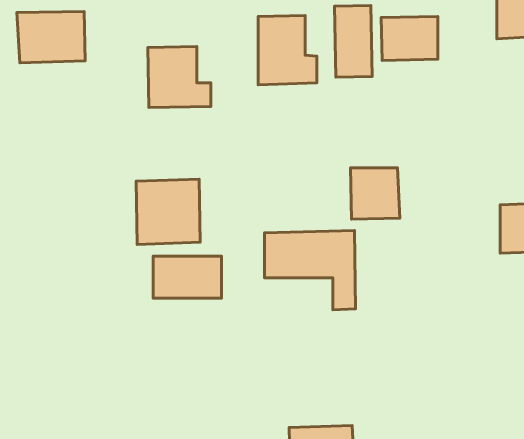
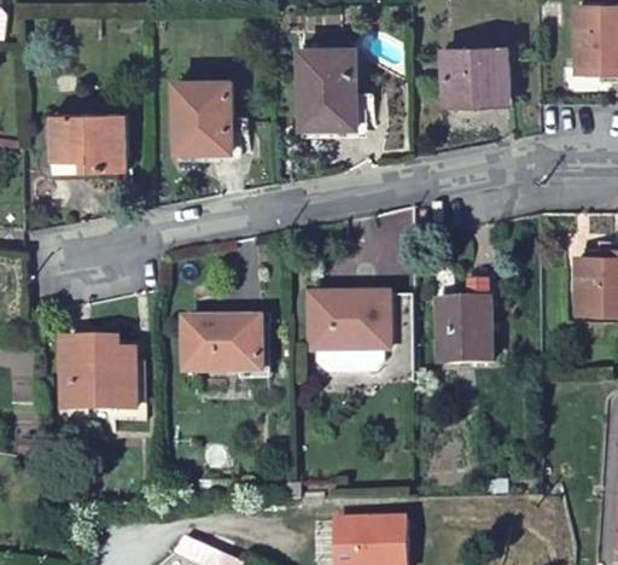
building: [335,5,372,77] -> none
building: [17,11,85,63] -> [51,116,128,174]
building: [350,168,400,219] -> [435,299,490,357]
building: [136,179,200,244] -> [65,338,138,412]

